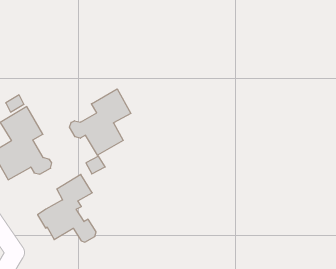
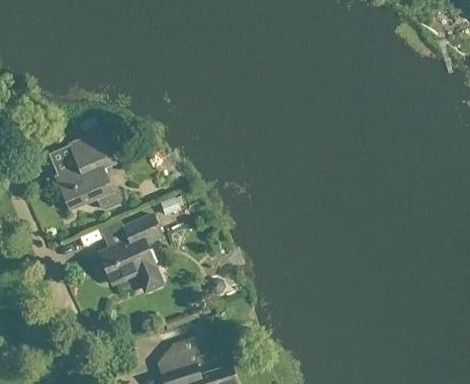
building: [69,89,131,155] -> none

